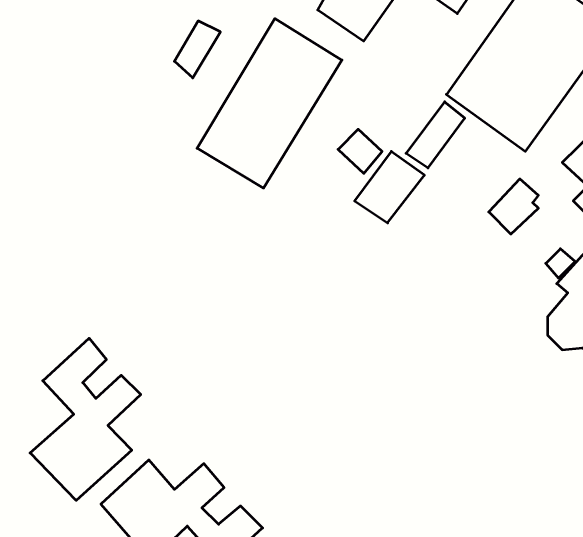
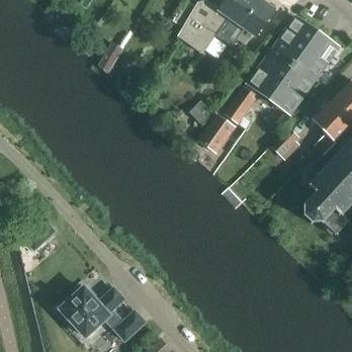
building: [197,19,342,188] -> none
building: [30,338,141,500] -> none

